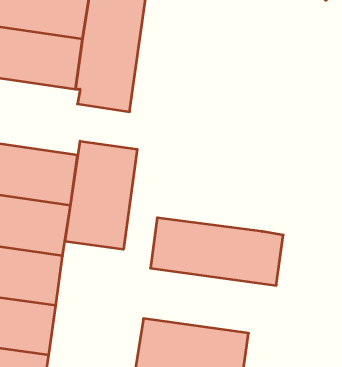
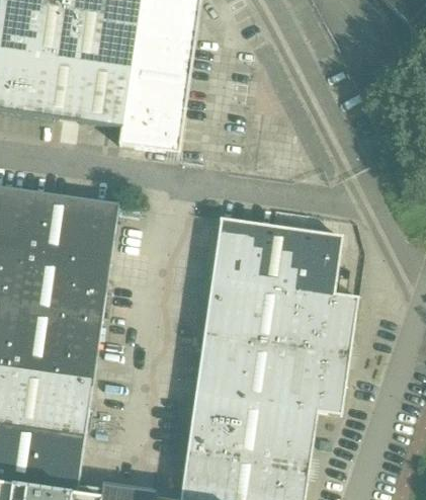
building: [65,141,137,249] -> none
building: none -> [210,218,342,293]
building: none -> [194,335,349,414]

